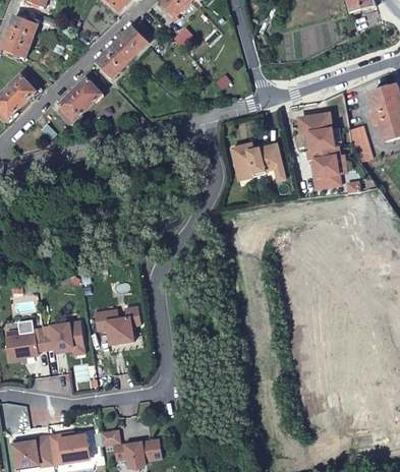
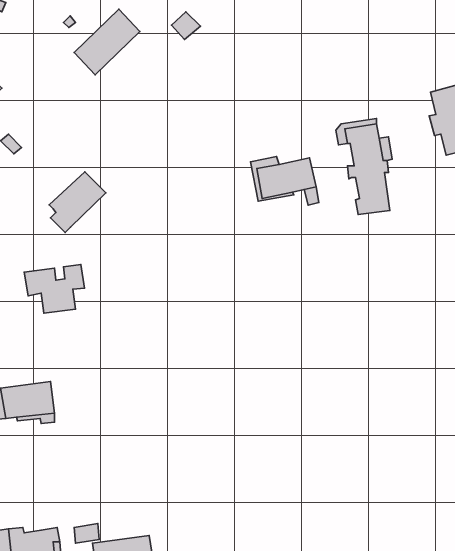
building: [58,80,102,127] -> [49,172,106,232]
building: [349,125,372,161] -> none
building: [92,304,138,342] -> [24,264,85,313]

